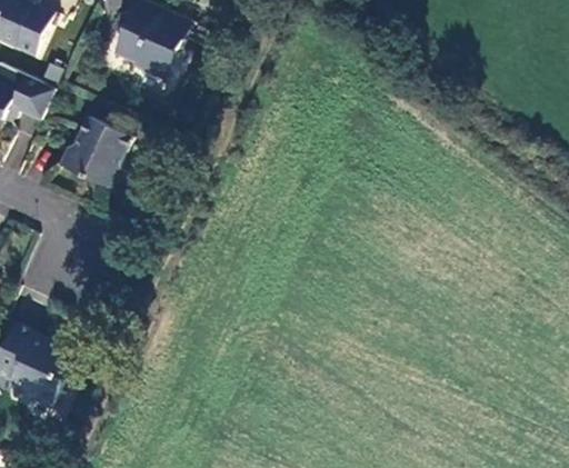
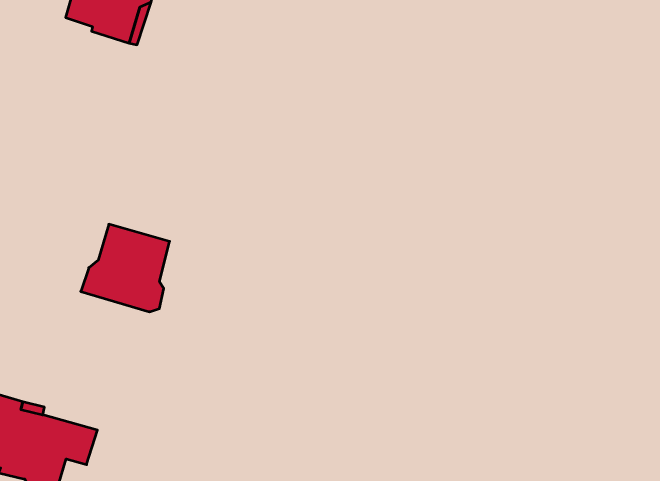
building: [57,118,129,188] -> [81,224,170,312]

